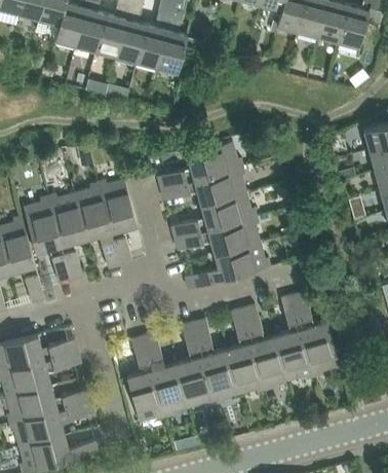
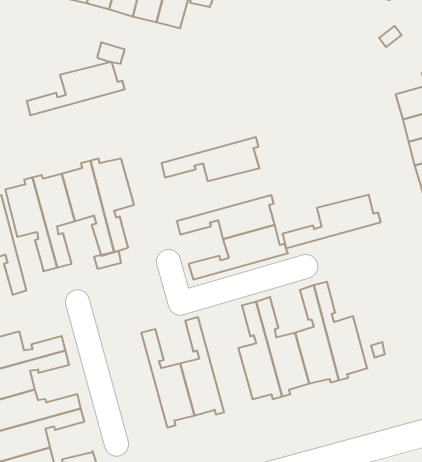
building: [157,143,242,189] -> [27,62,125,115]
building: [170,193,256,240] -> [282,195,381,248]
building: [192,320,239,405] -> none
building: [126,336,165,422] -> none

